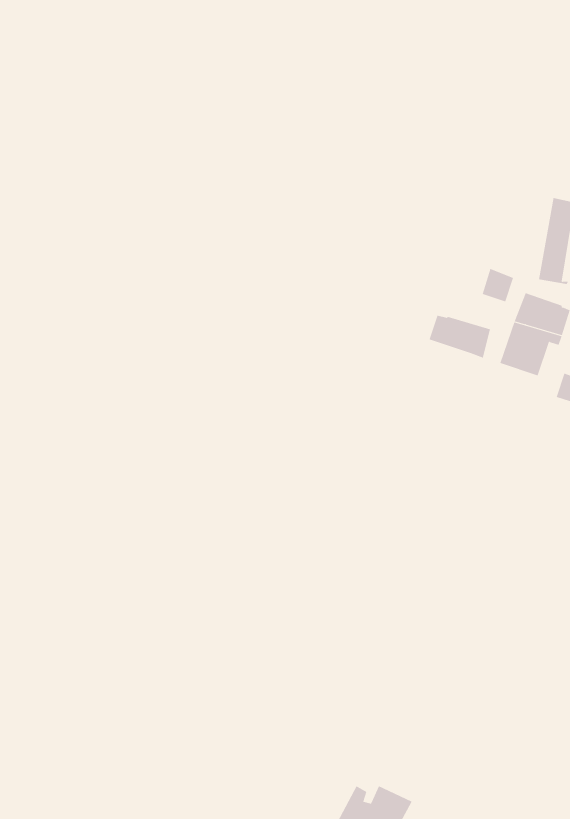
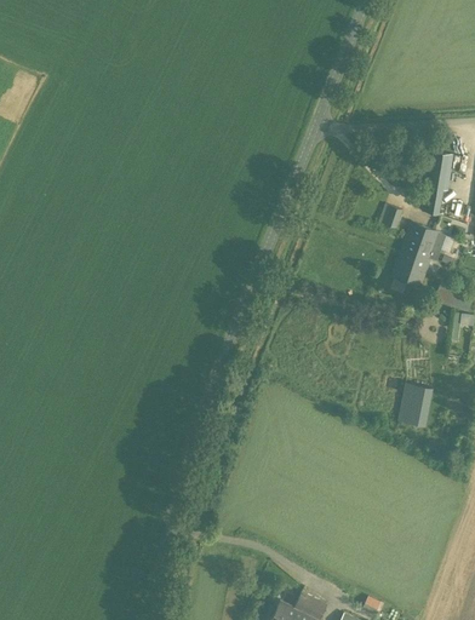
building: [429,315,491,358] -> none
building: none -> [399,384,433,427]

